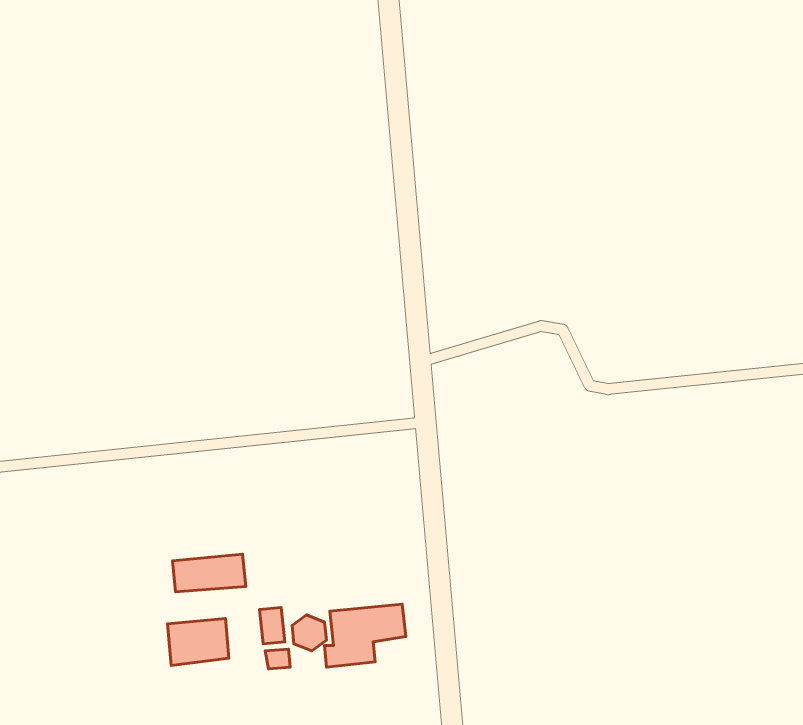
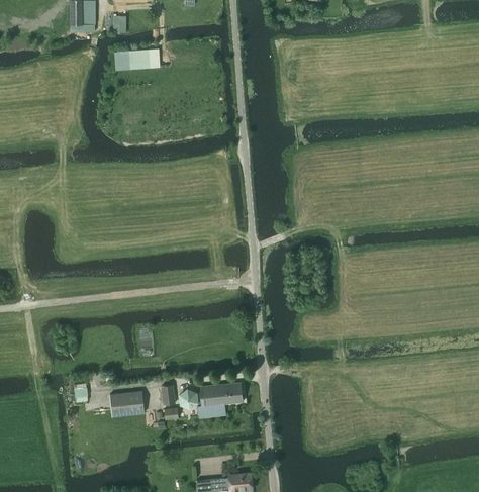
building: none -> [114,50,160,70]
building: [173,554,246,592] -> none

